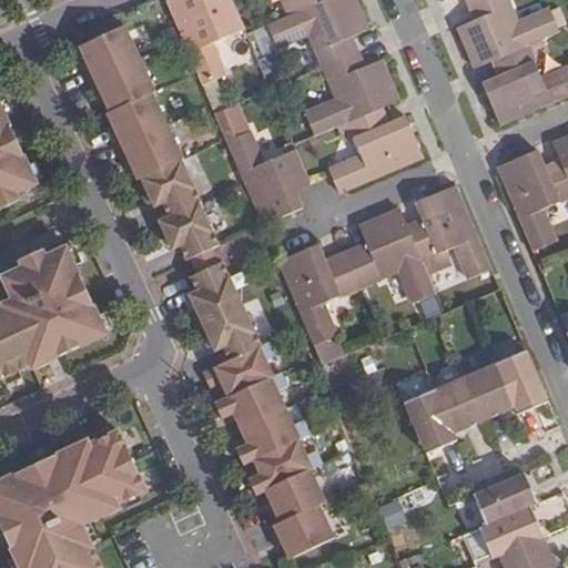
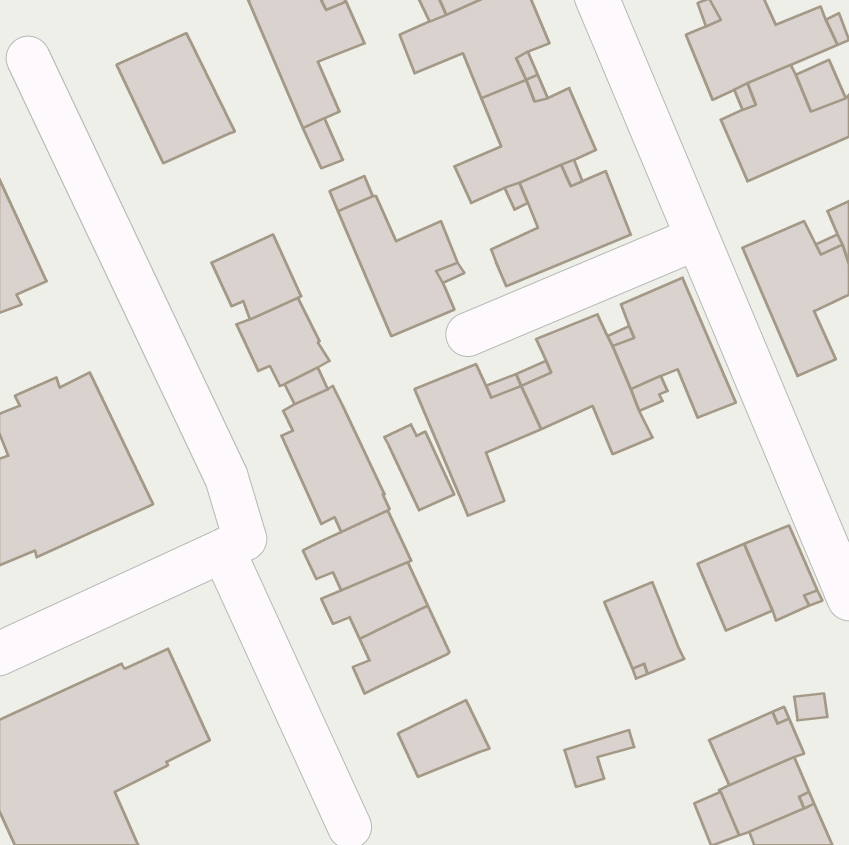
building: [105,89,184,176] -> none
building: none -> [384,424,454,510]
building: [435,376,484,433] -> none
building: [247,436,313,493] -> none
building: [273,501,335,556] -> none

